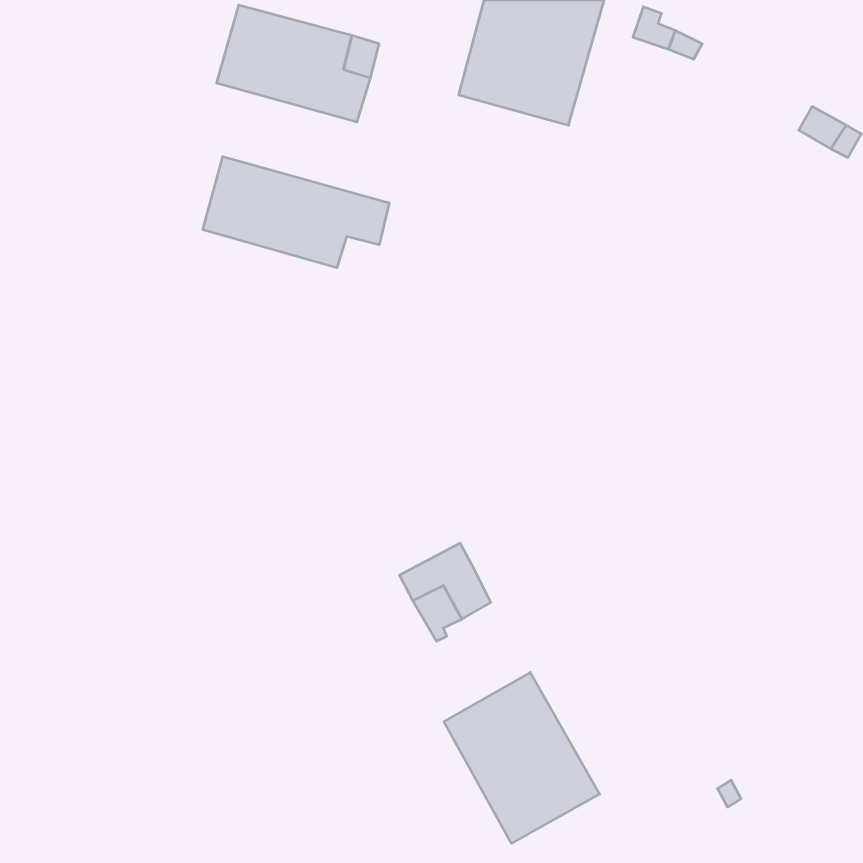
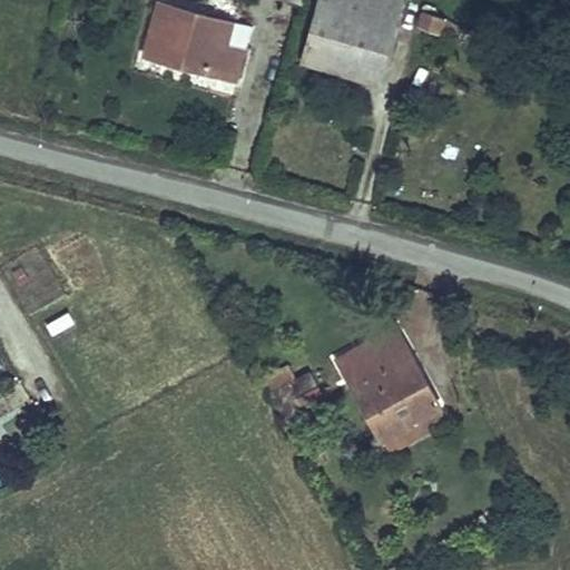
building: [203,157,389,268] -> none
building: [444,672,600,843] -> [337,328,440,441]

